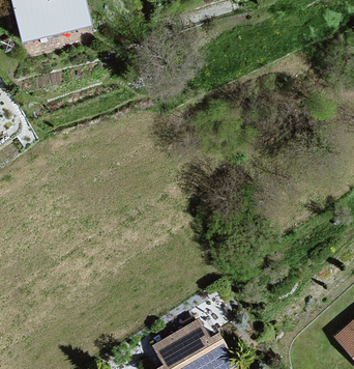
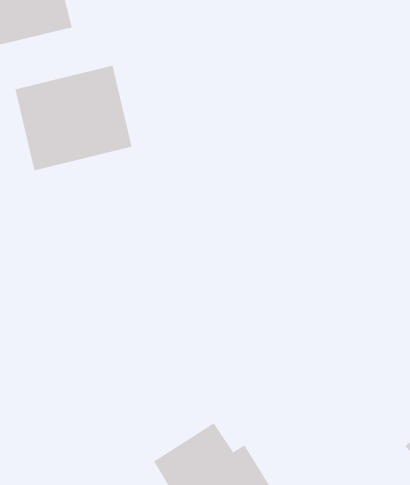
building: none -> [15,65,132,171]

